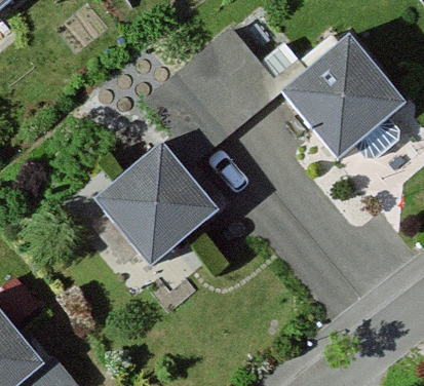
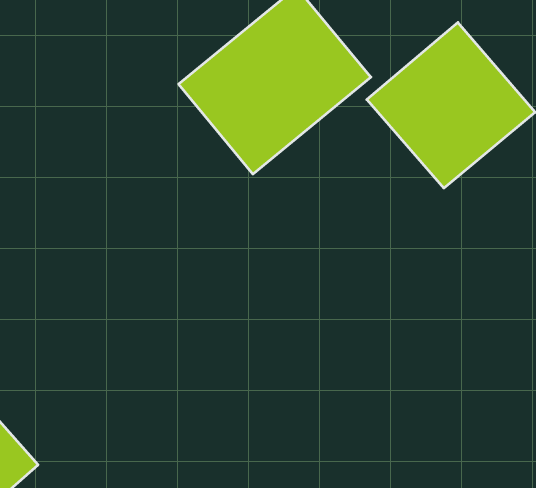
building: [90,142,215,266] -> none

